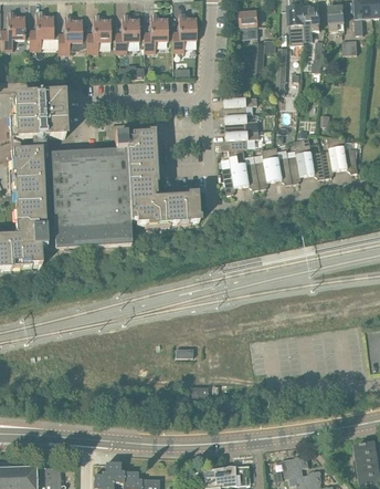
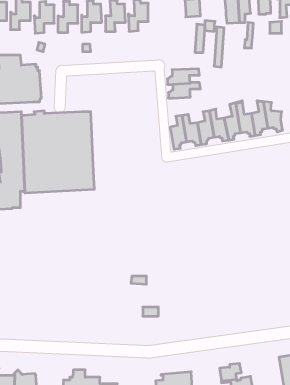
building: [113,124,200,225] -> none
building: [222,129,260,148] -> none

